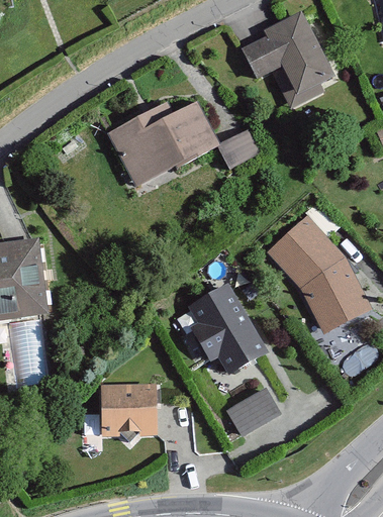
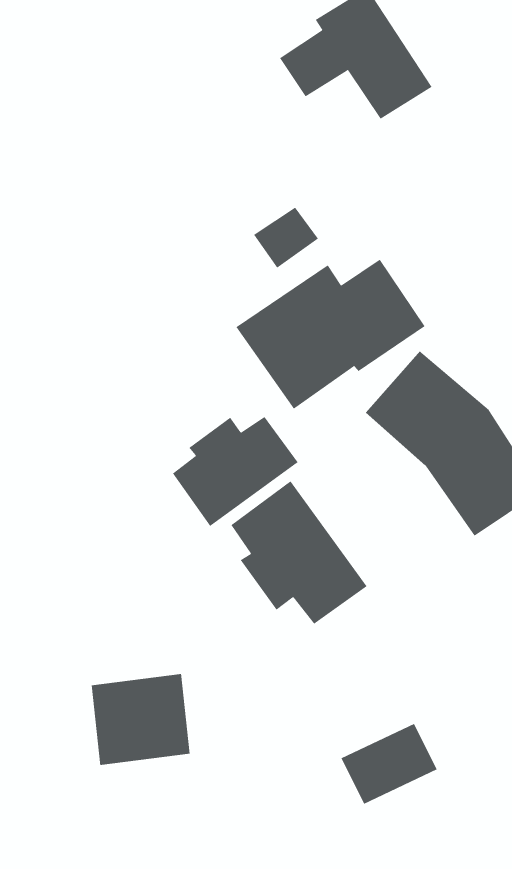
building: [111,104,217,183] -> [236,259,425,410]
building: none -> [172,416,299,527]
building: [227,389,281,431] -> [341,723,438,805]

